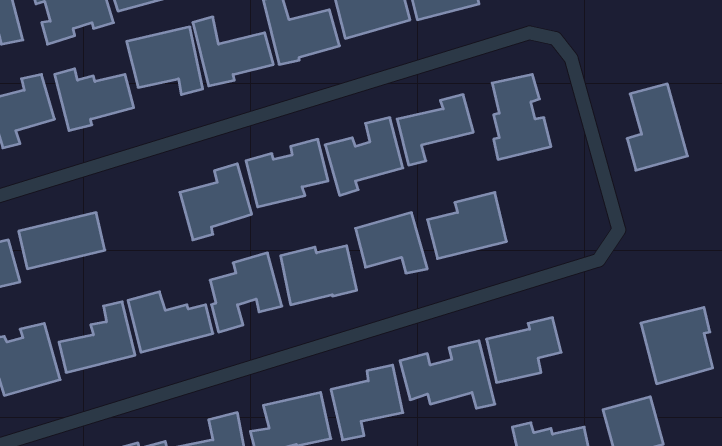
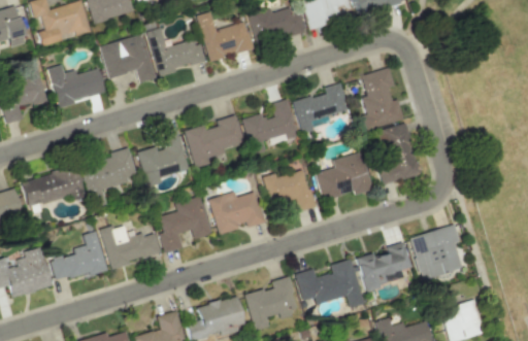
building: [627,84,688,170] -> [376,123,420,184]
building: none -> [80,152,137,207]
building: [641,307,713,384] -> [409,225,461,279]

